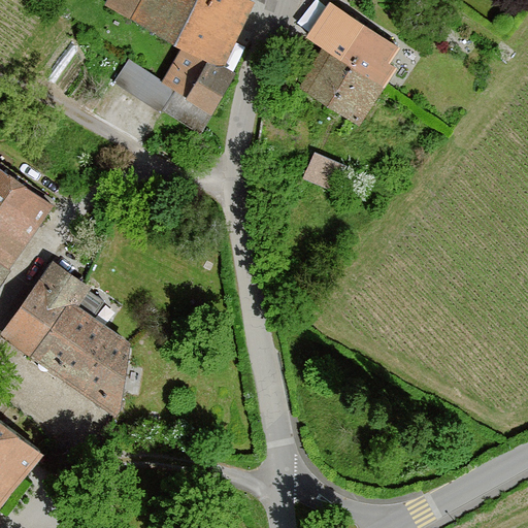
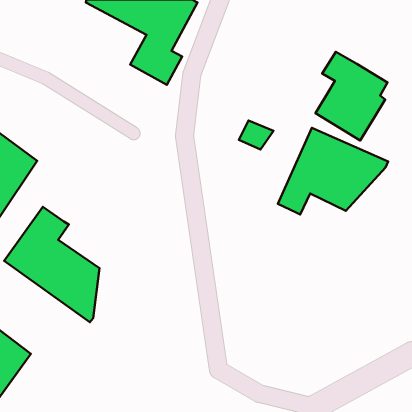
building: [304,6,396,120] -> [316,52,388,141]
building: [113,59,212,133] -> none
building: none -> [278,128,388,215]

